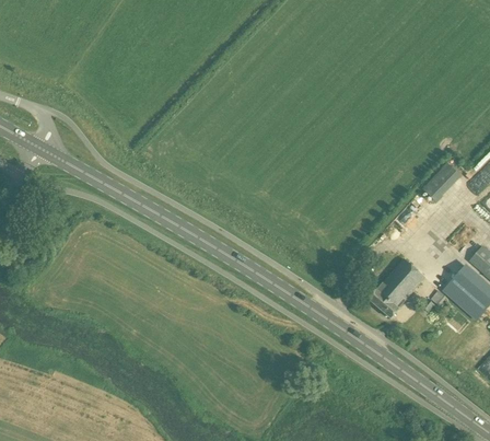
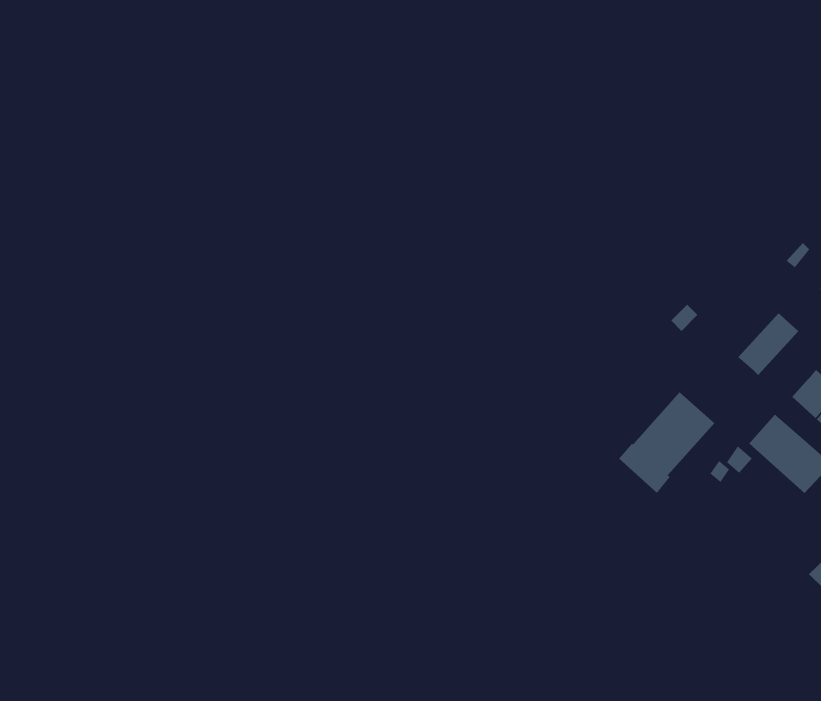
building: [427,155,463,193] -> [738,312,799,376]

